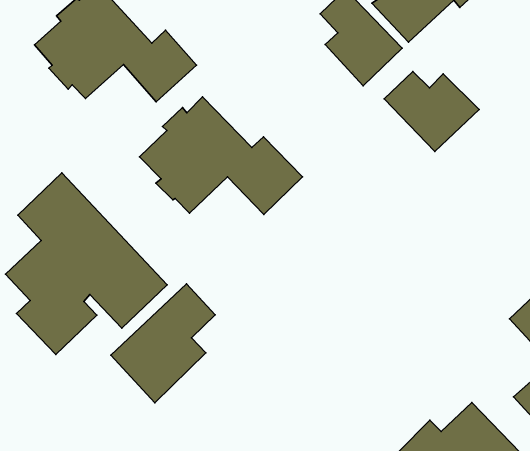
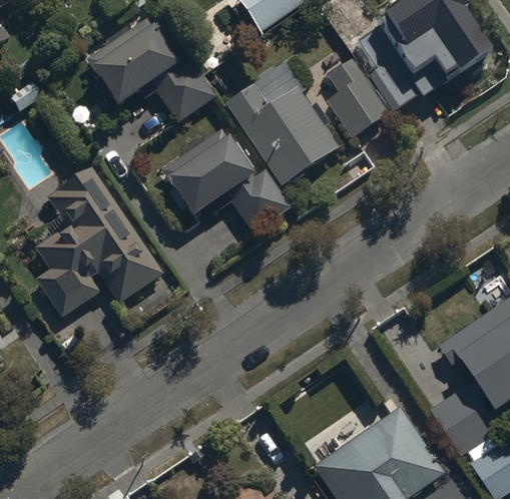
building: none -> [226,58,339,183]
building: [384,71,479,152] -> none
building: [111,284,215,403] -> none

